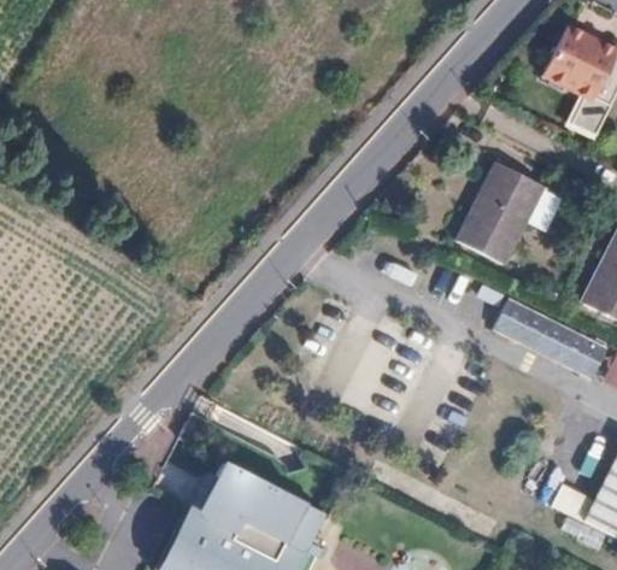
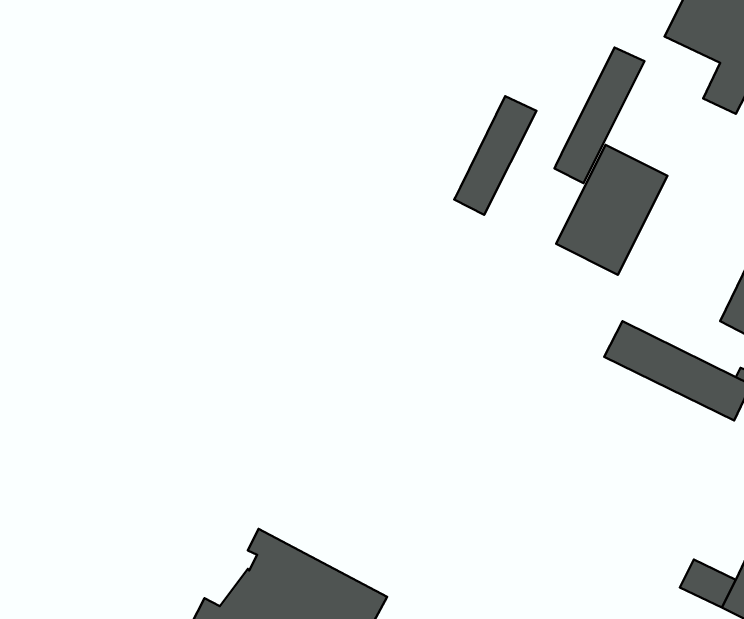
building: none -> [554,47,645,183]
building: none -> [454,96,536,215]

